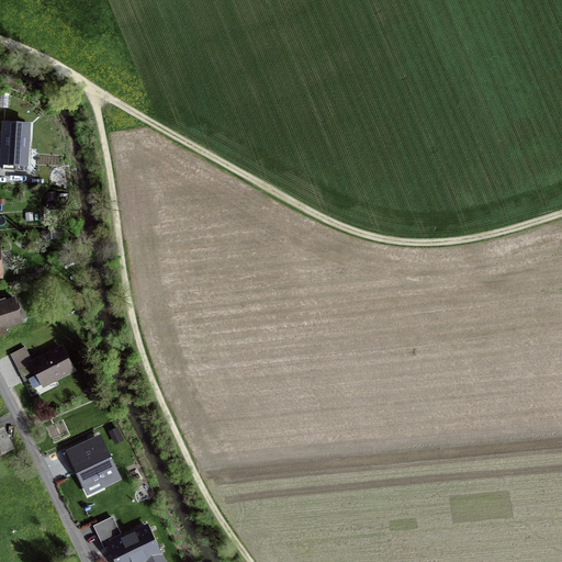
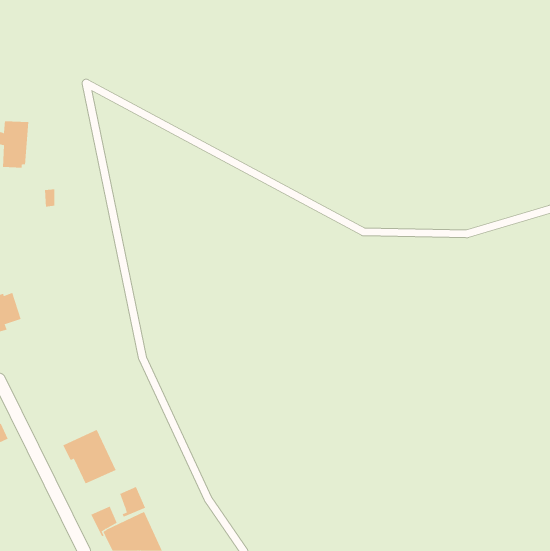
building: [9,347,71,390] -> none
building: none -> [120,486,146,517]

